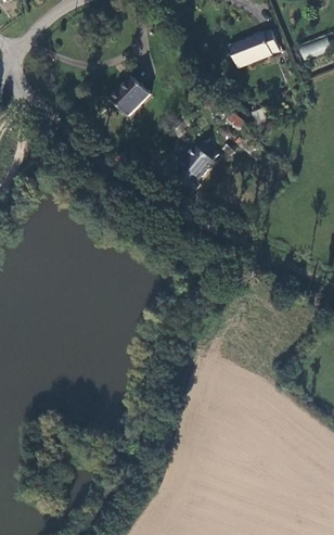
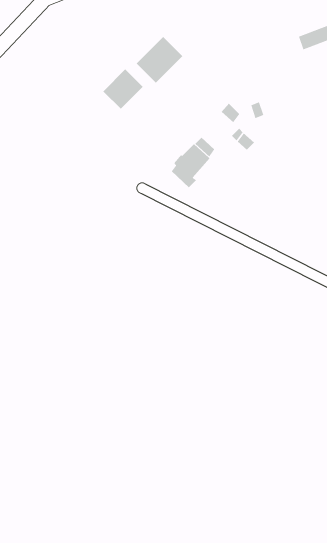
building: [228,30,277,66] -> none
building: none -> [136,36,183,84]

